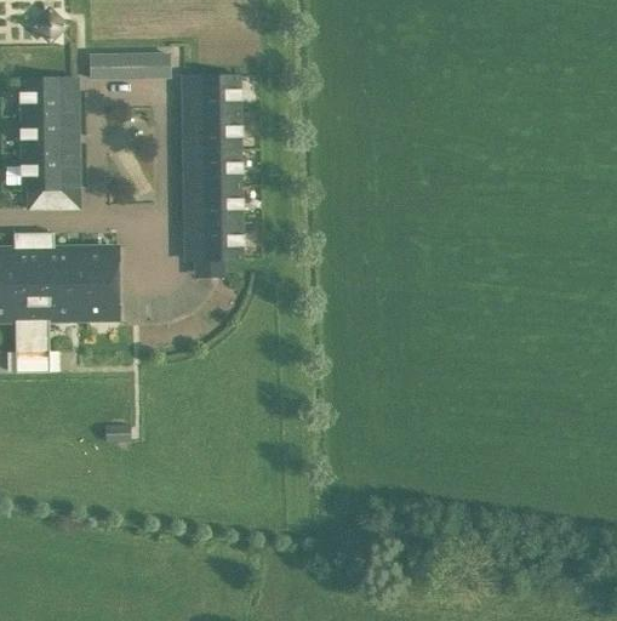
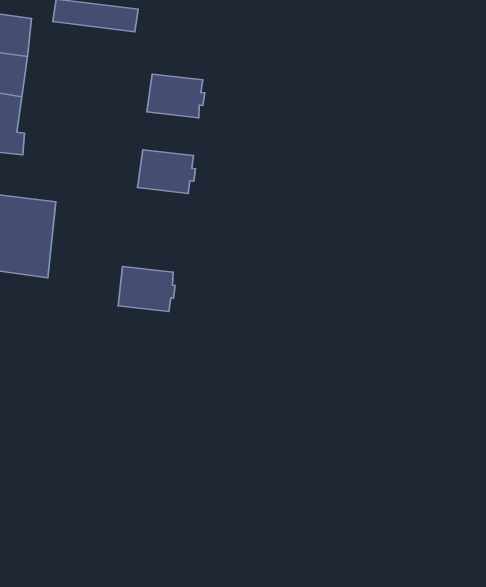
building: [189,75,241,114] -> none
building: [190,149,242,187] -> none
building: [192,222,244,261] -> [118,267,175,312]

